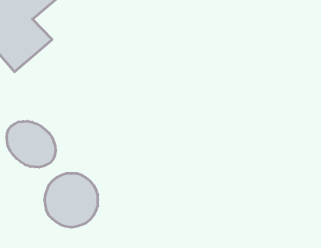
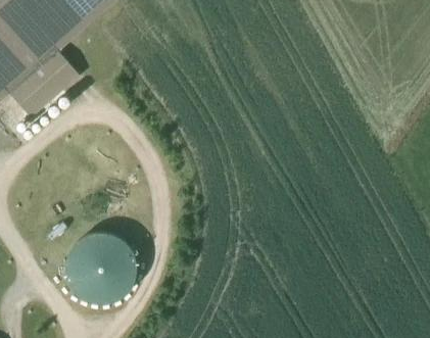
building: [7,121,55,167] -> none

